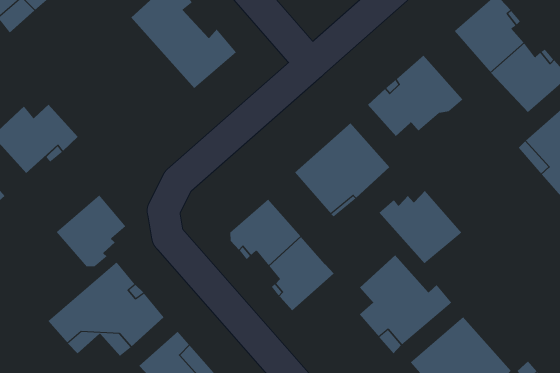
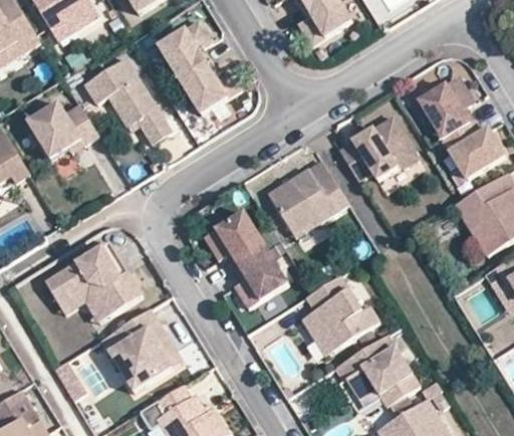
building: none -> [82,56,170,143]
building: [379,190,462,264] -> none
building: [56,194,126,267] -> none

